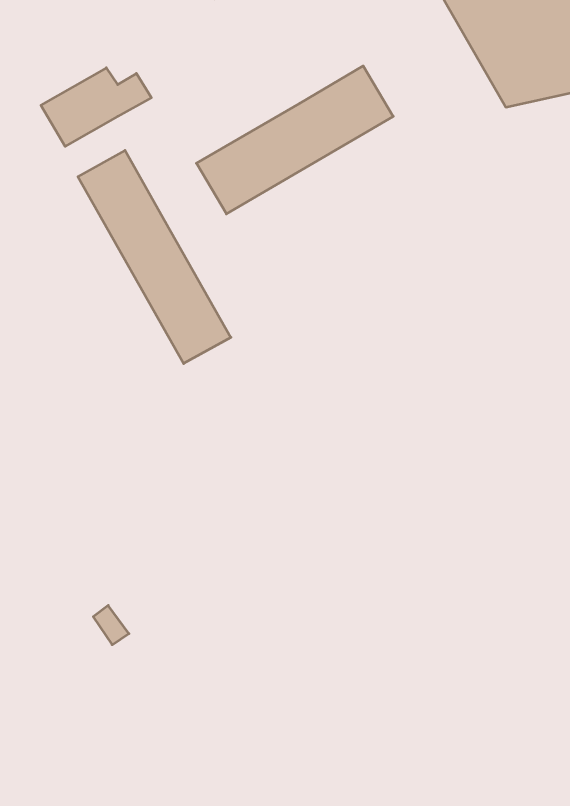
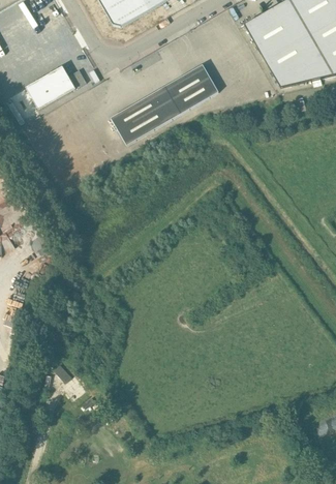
building: [78,150,231,364] -> none

